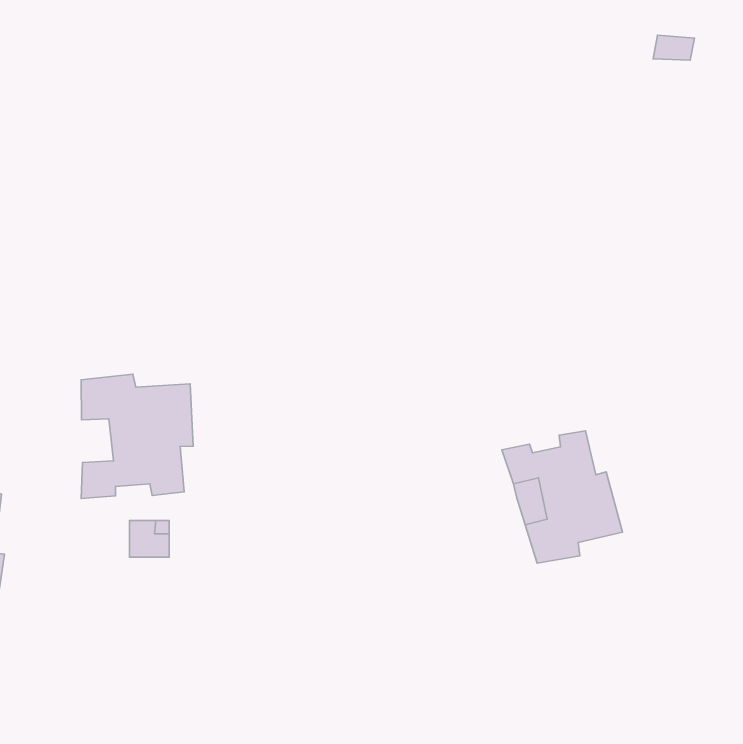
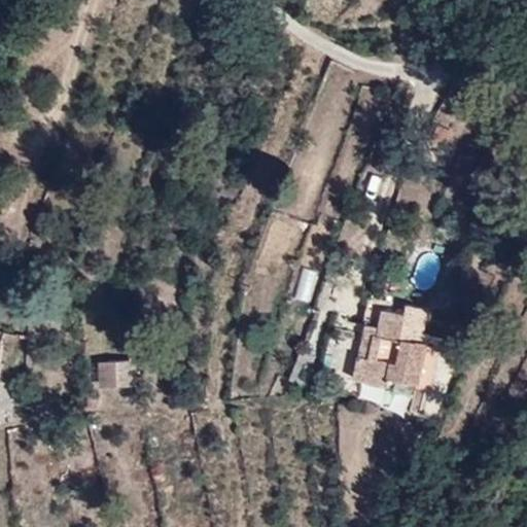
building: [81,374,193,498] -> none

